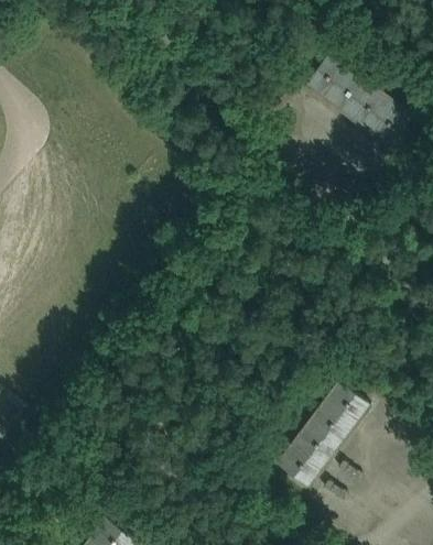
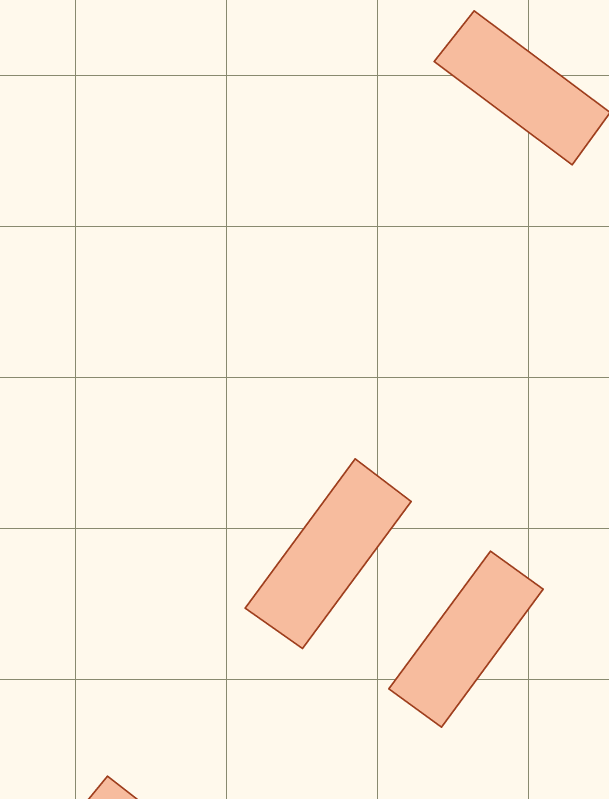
building: none -> [245,459,411,648]

